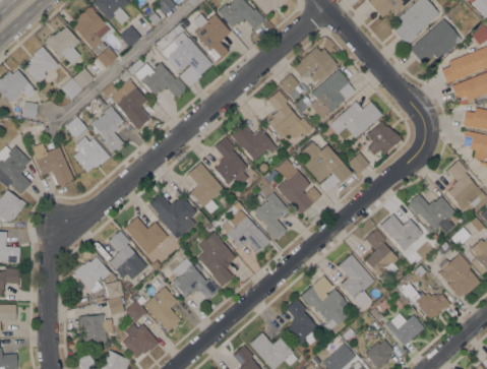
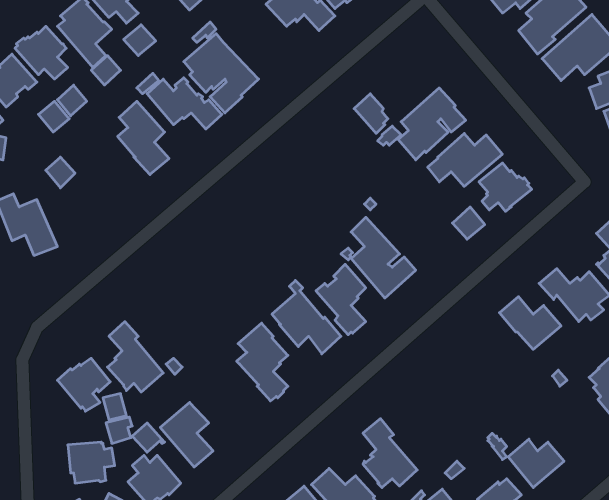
building: [193,13,230,63] -> none
building: [292,47,337,81] -> none
building: [266,89,312,138] -> none
building: [90,105,124,153] -> none
building: [231,124,278,161] -> none
building: [73,136,110,172] -> none
building: [214,136,248,185] -> none
building: [300,141,351,190] -> none
building: [187,162,224,213] -> none
building: [148,193,196,234] -> none
building: [124,217,168,254] -> none
building: [365,229,399,276] -> none
building: [338,254,374,308] -> none
building: [171,260,219,299] -> none
building: [300,275,348,324] -> none
building: [401,283,450,321] -> none

